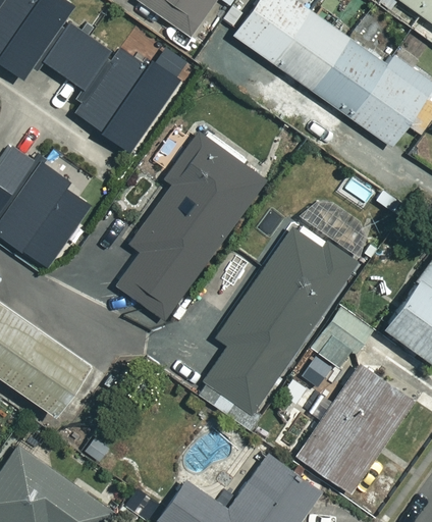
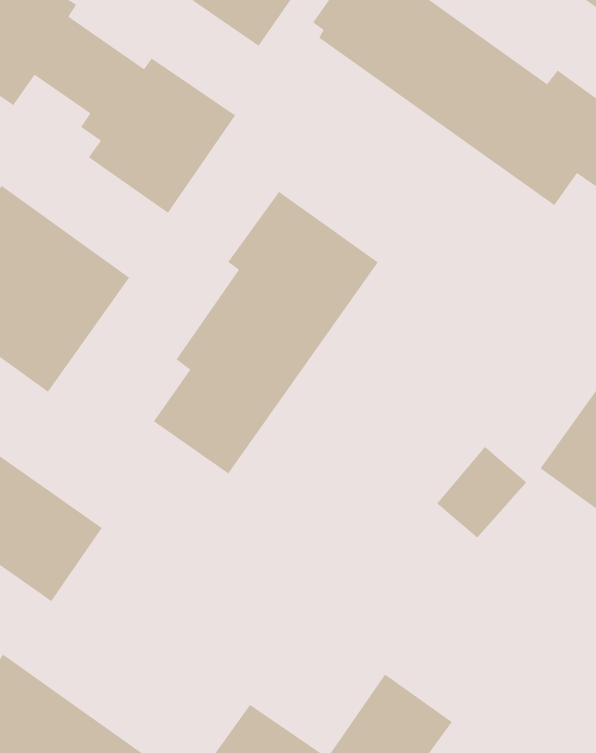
building: [194,200,372,426] -> none
building: [295,364,410,491] -> none

